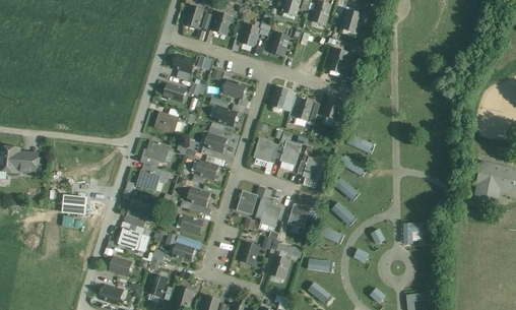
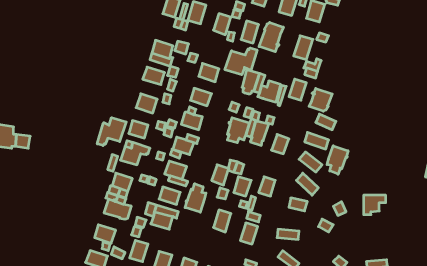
building: none -> [259,22,283,52]
building: none -> [225,48,257,75]
building: none -> [309,88,332,111]
building: none -> [97,118,126,146]
building: none -> [327,146,348,174]
building: [63,195,86,213] -> none
building: none -> [185,184,206,212]

